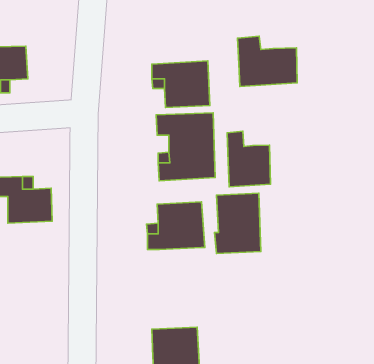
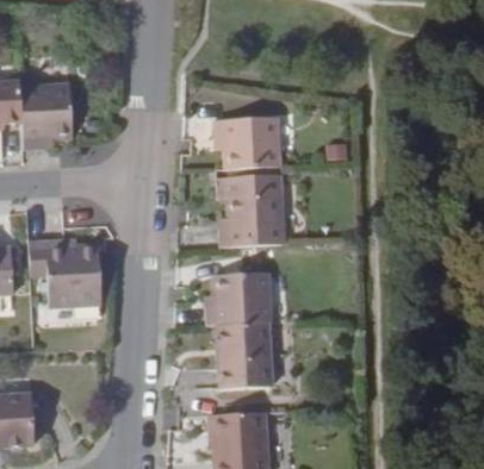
building: [237,36,297,87] -> none
building: [227,131,271,187] -> none
building: [214,193,261,254] -> [218,323,271,390]

